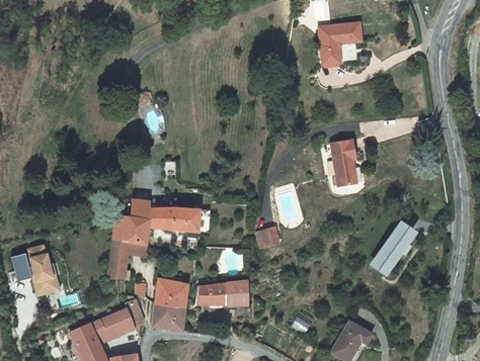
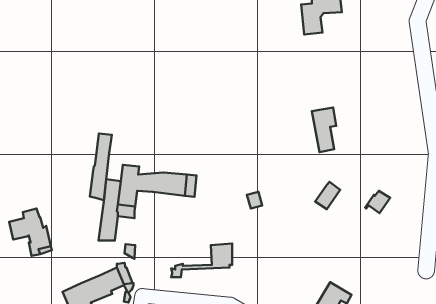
building: none -> [90,133,112,200]
building: [375,242,401,270] -> [315,182,340,209]
building: [153,278,188,330] -> none
building: [195,283,226,304] -> none

